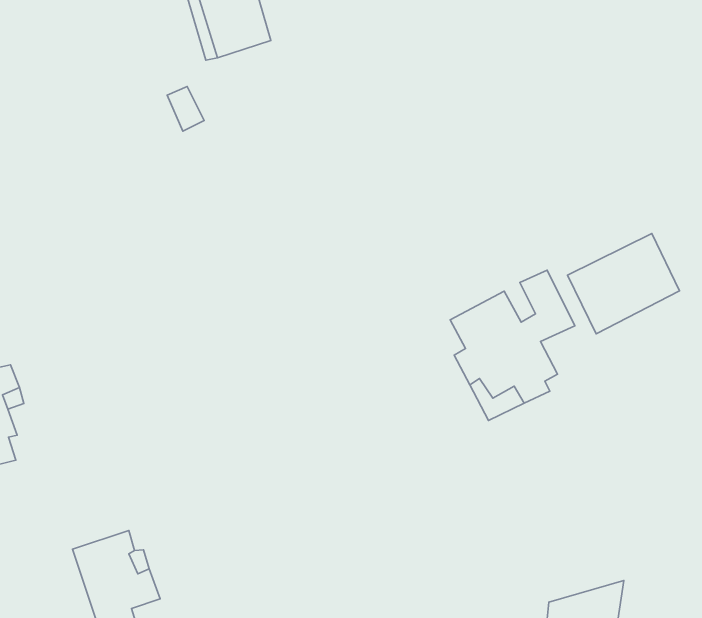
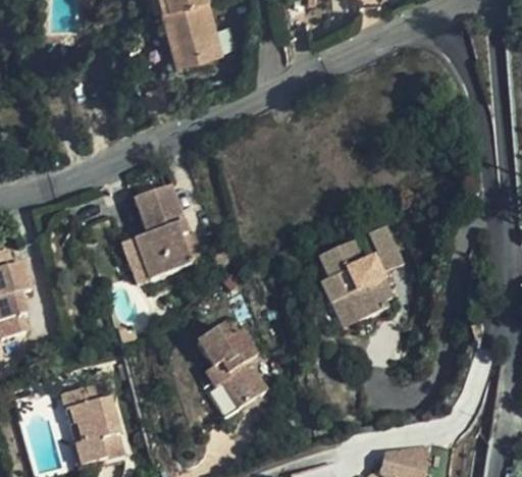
building: [568,233,679,334] -> none
building: none -> [134,186,191,277]
building: none -> [193,330,264,410]

